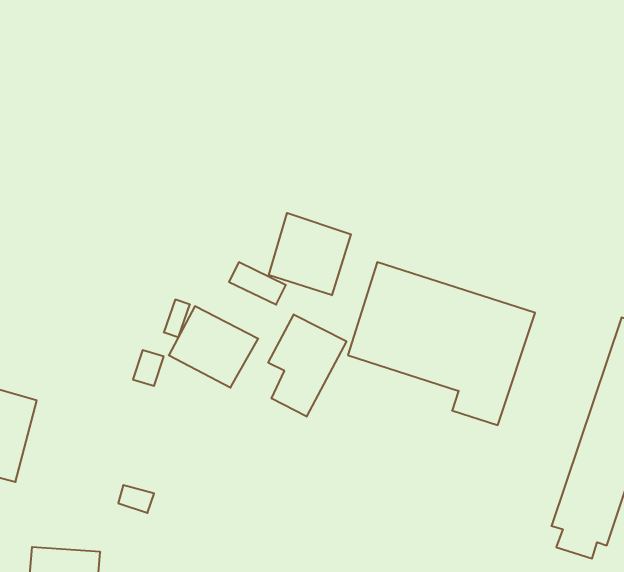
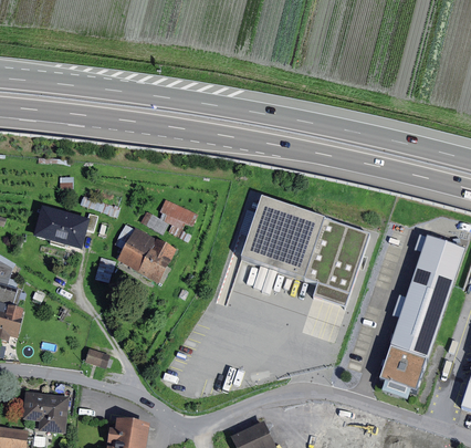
building: [269,213,351,295] -> none
building: none -> [35,206,93,249]
building: [268,314,346,417] -> none

